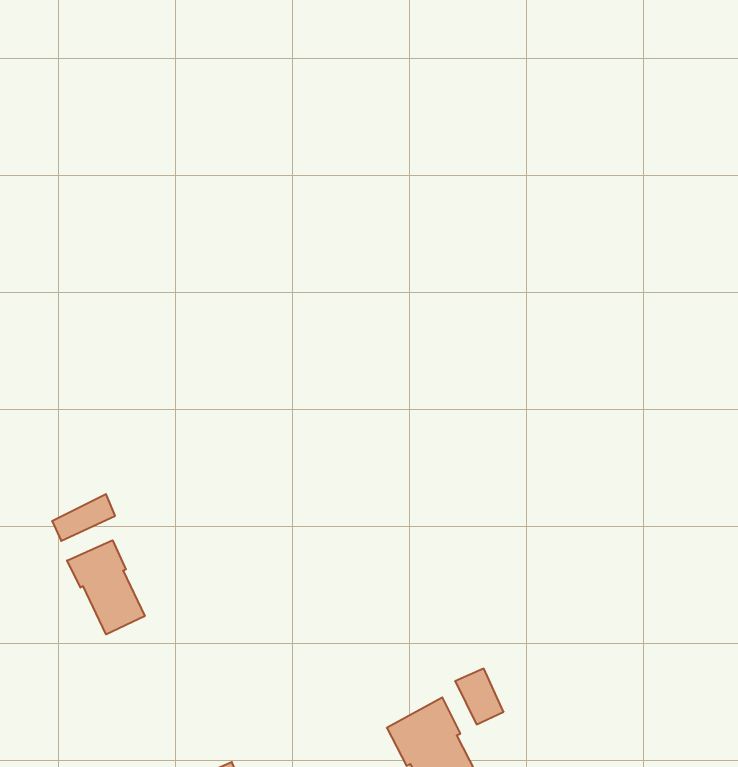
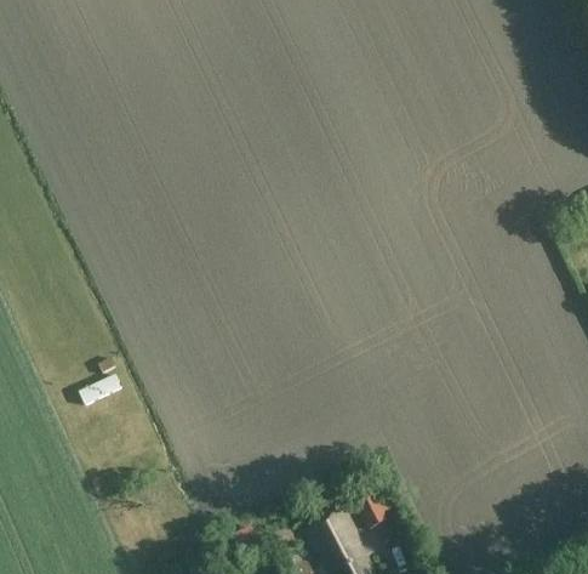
building: [67,540,145,634] -> none

